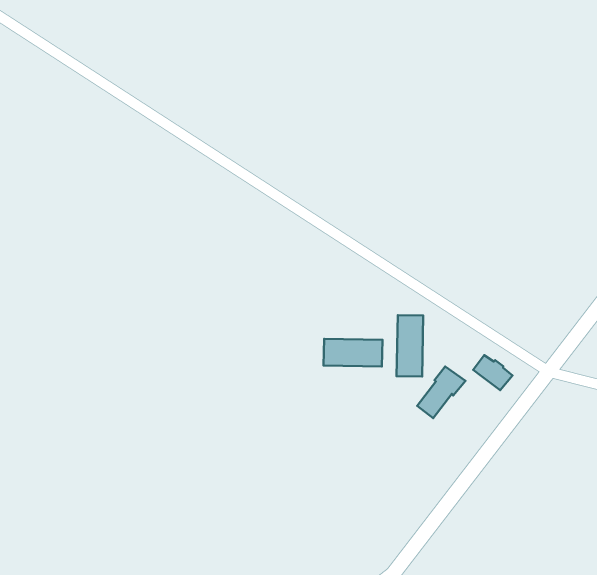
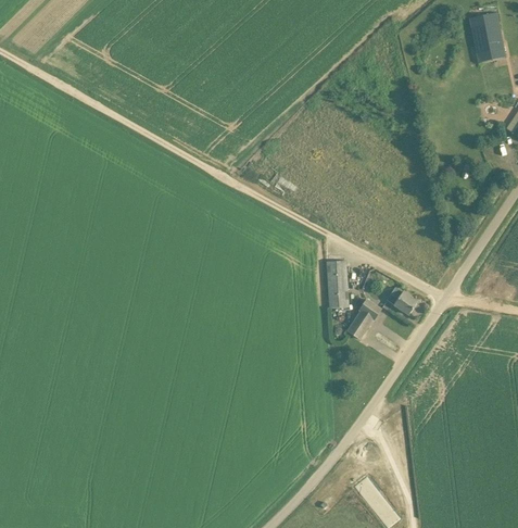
building: [323,339,382,367] -> none

